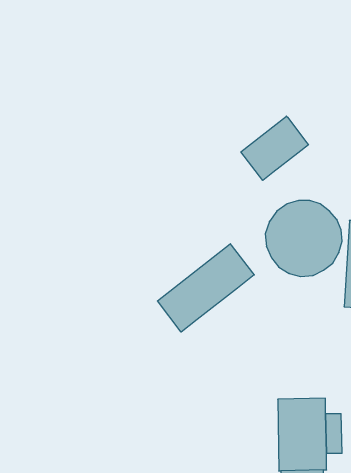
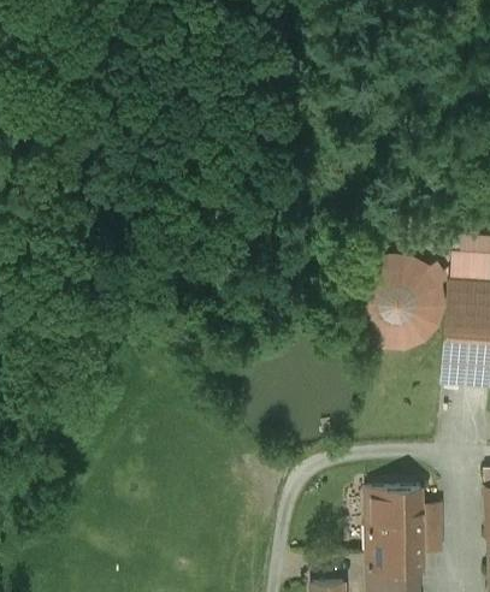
building: [241,116,308,180] -> none
building: [157,244,254,332] -> none

